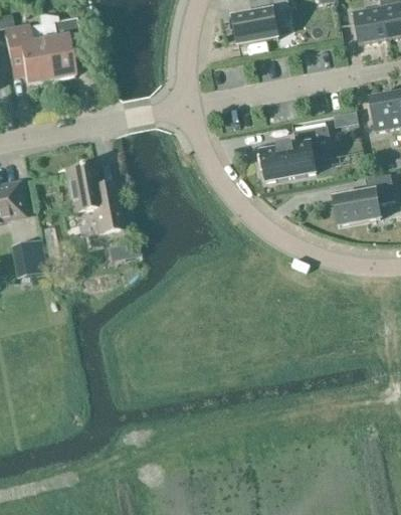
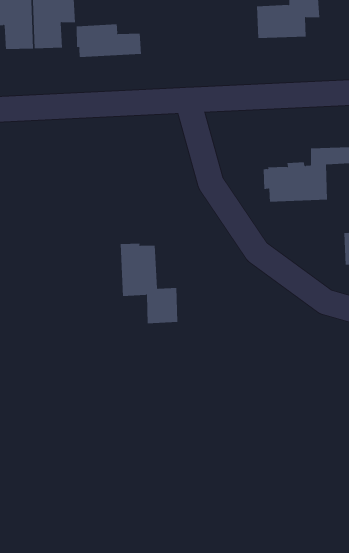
building: none -> [76,24,142,58]
building: [64,164,123,231] -> [120,243,178,324]

